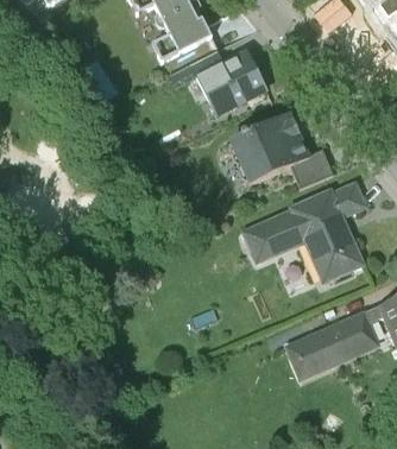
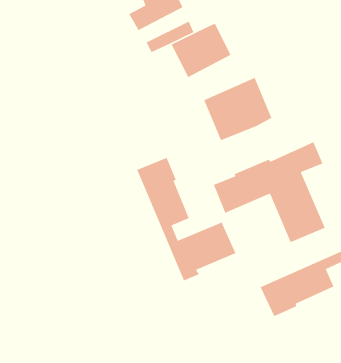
building: [290,147,332,186] -> none
building: none -> [136,157,237,281]

